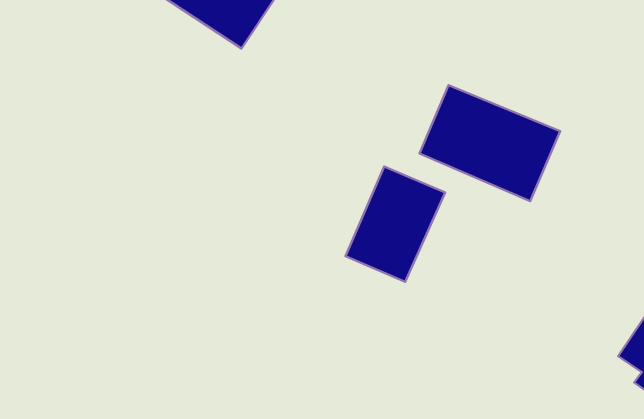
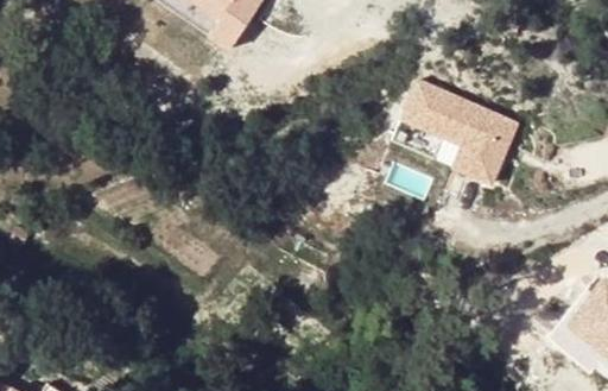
building: [346,167,445,282] -> none

